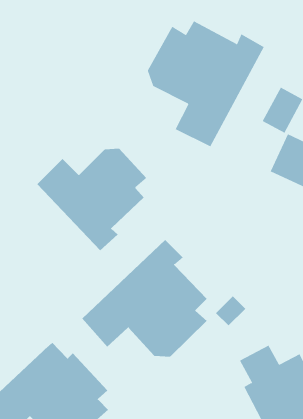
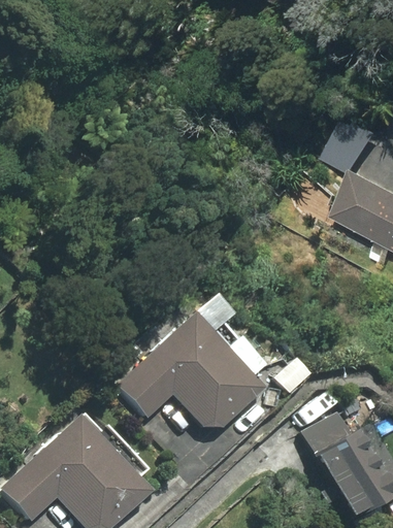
building: [147,20,264,147] -> none
building: [37,148,147,251] -> none

